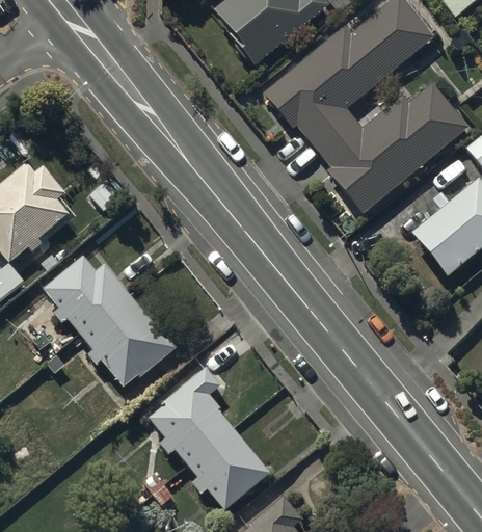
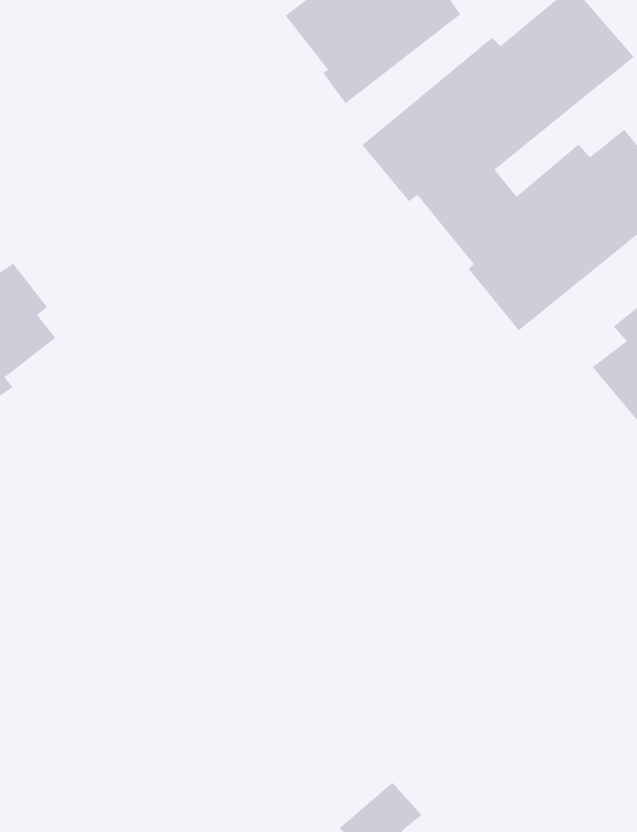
building: [41,255,175,388] -> none
building: [148,368,271,510] -> none

